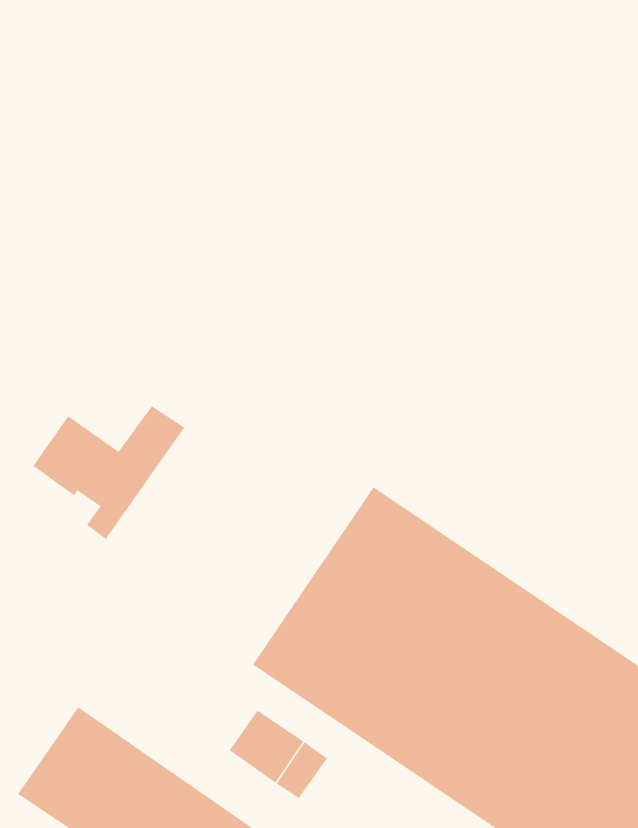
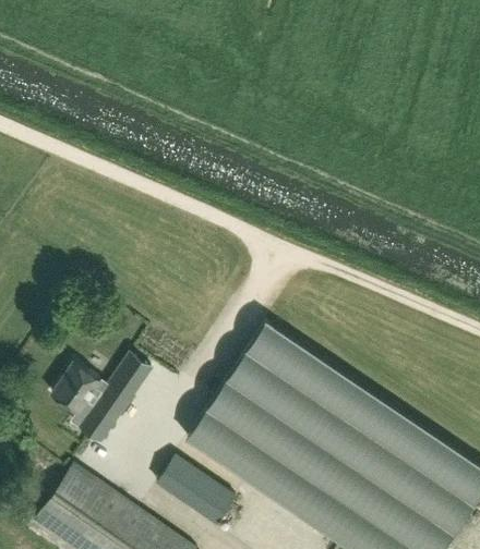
building: [32,406,185,540] -> [52,356,152,443]
building: none -> [157,457,191,495]

